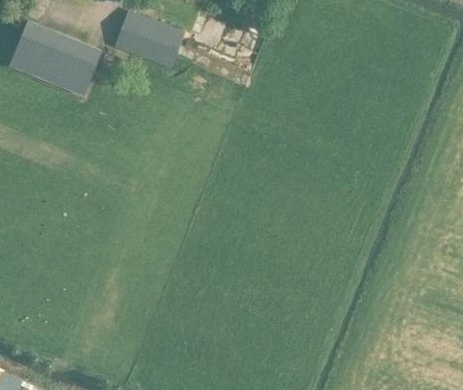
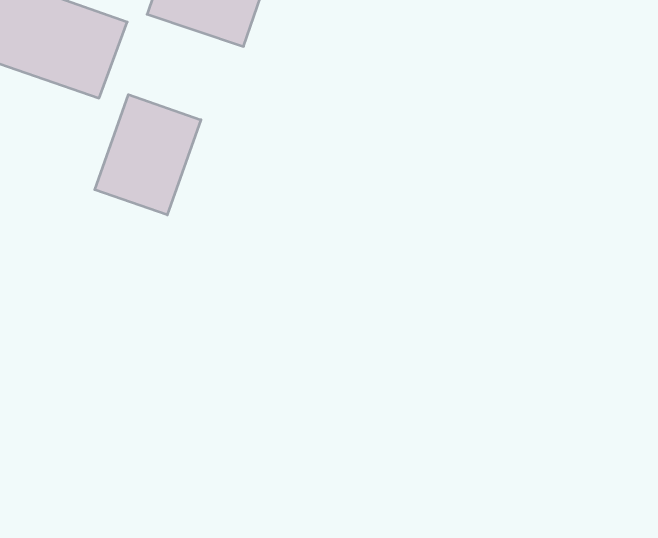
building: none -> [95,95,201,215]

